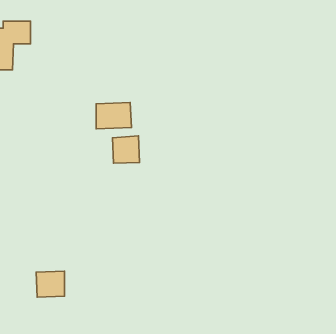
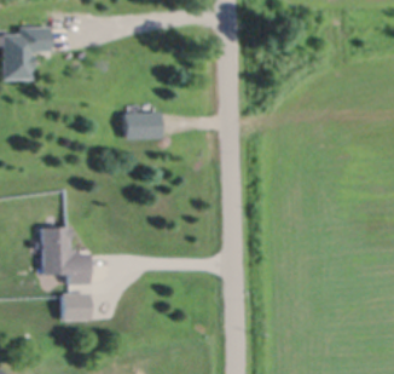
building: [113,136,140,163] -> none
building: none -> [42,225,92,284]

